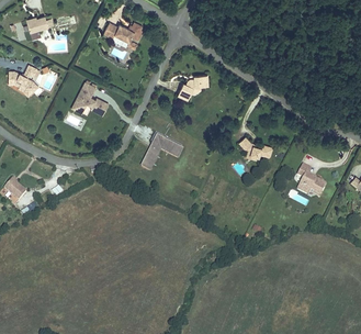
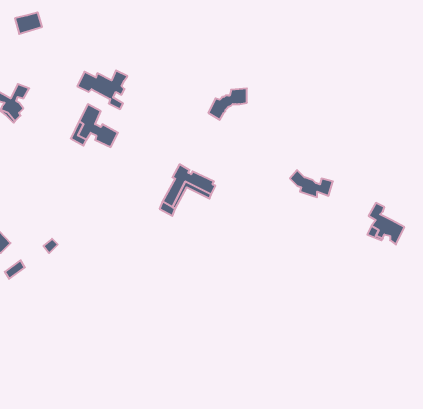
building: [104,21,143,51] -> [77,70,127,109]

